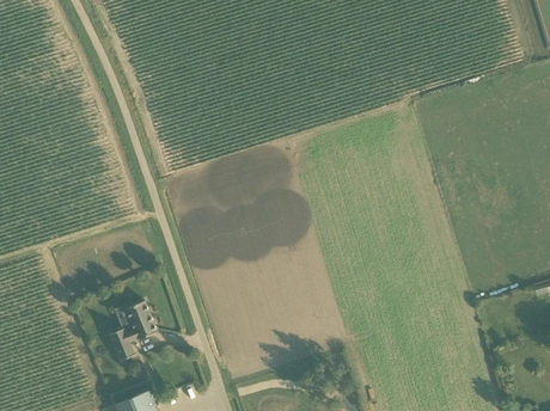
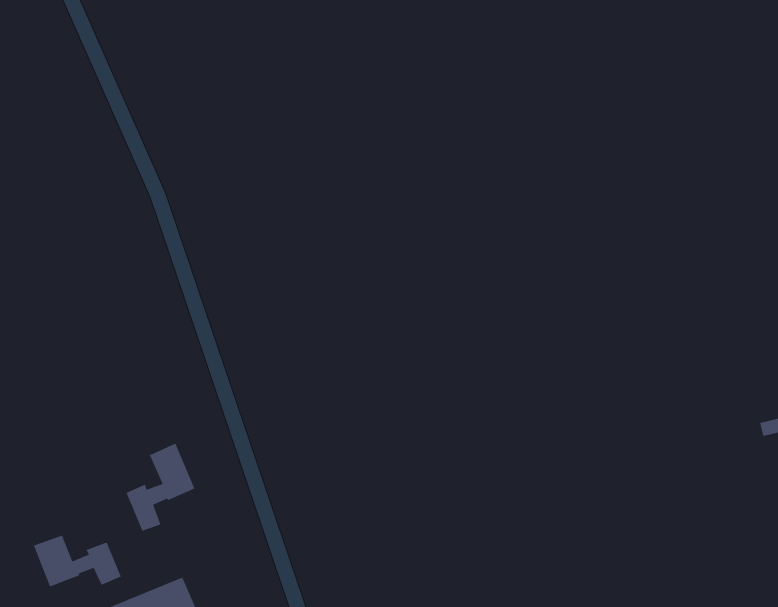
building: none -> [33,534,122,588]

